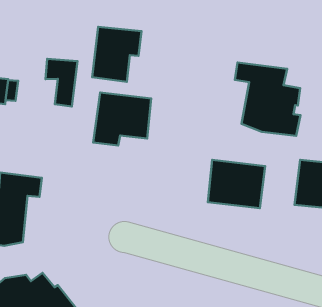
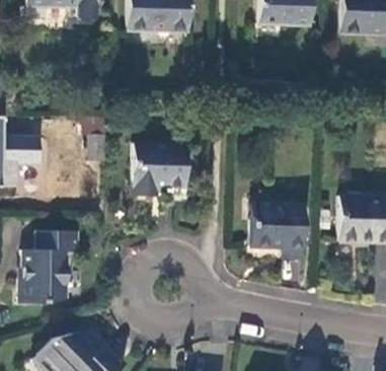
building: [92,27,142,82] -> none
building: [235,62,300,136] -> none

